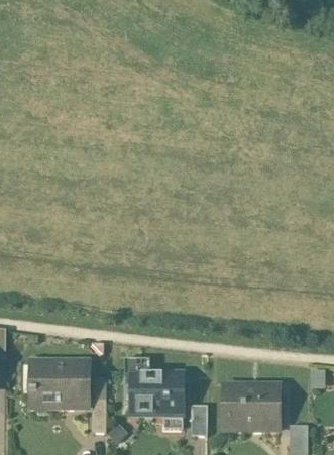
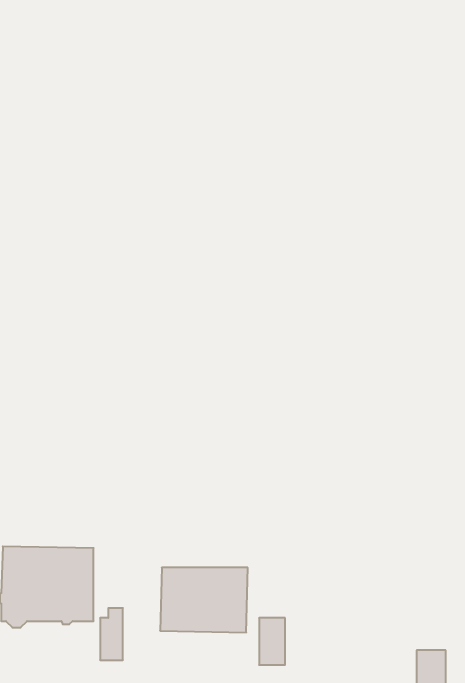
building: [223,385,280,429] -> none

